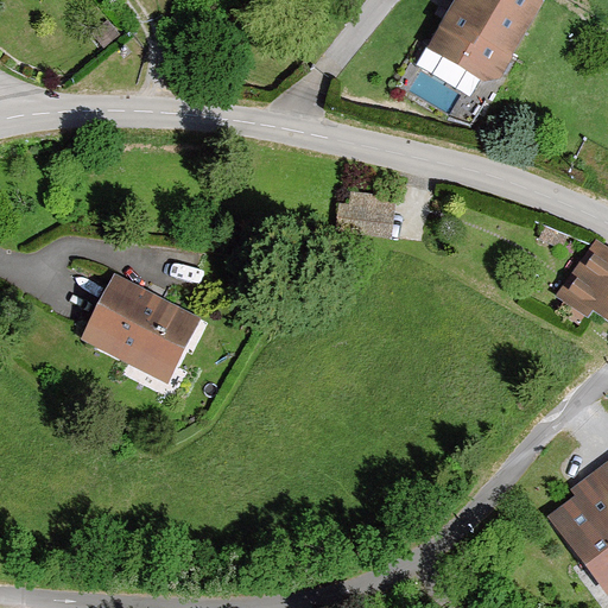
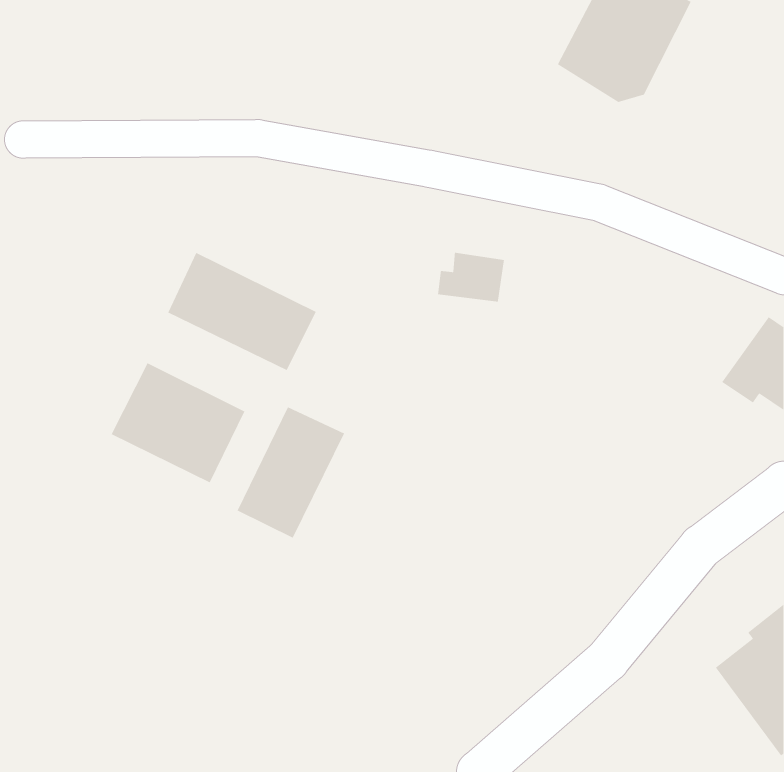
building: none -> [167,252,317,371]
building: none -> [237,406,345,539]

